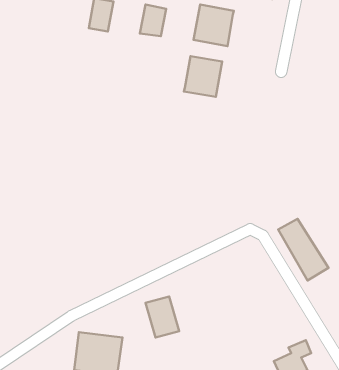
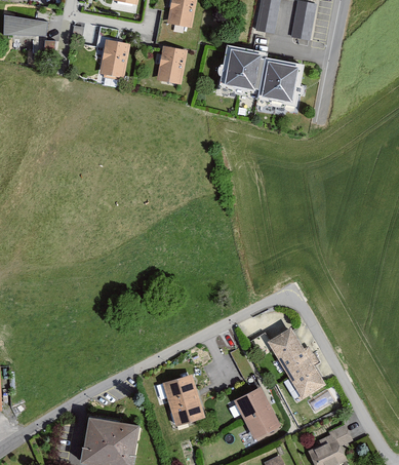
building: [184,56,222,97] -> [255,59,298,105]
building: [278,219,328,281] -> [271,328,327,398]
building: none -> [236,387,279,436]

